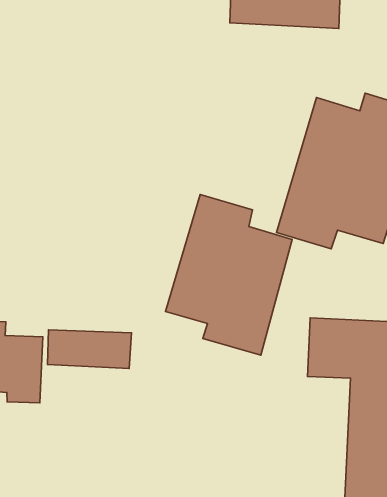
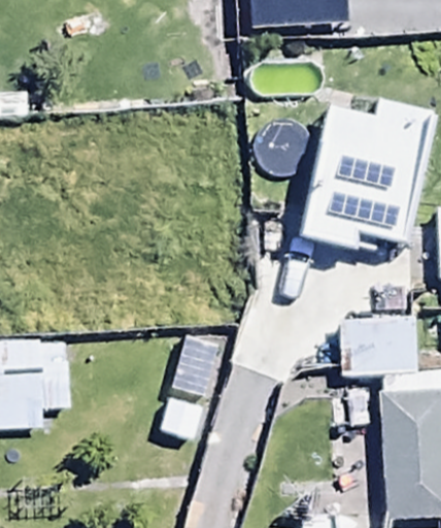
building: [166,194,292,355] -> none

